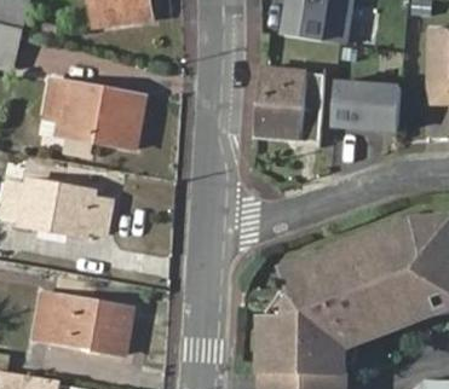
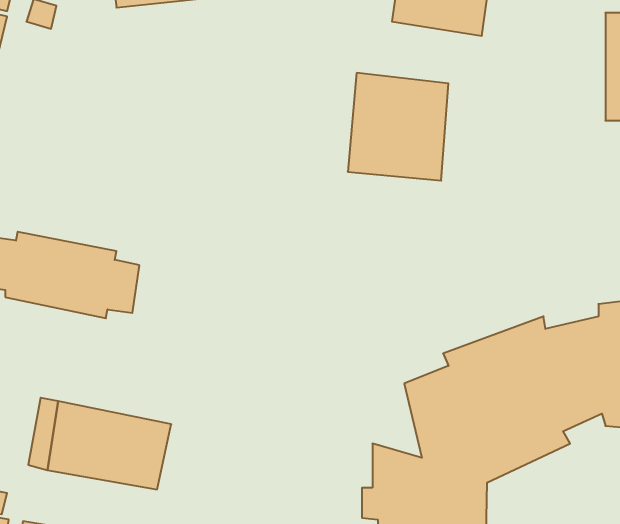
building: [46,80,145,150] -> none
building: [334,82,402,132] -> none

